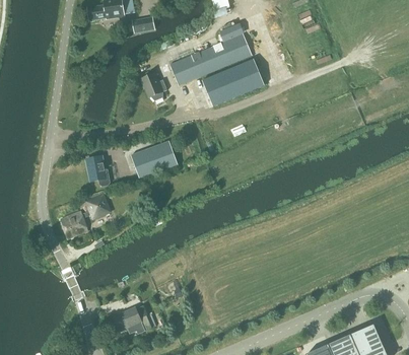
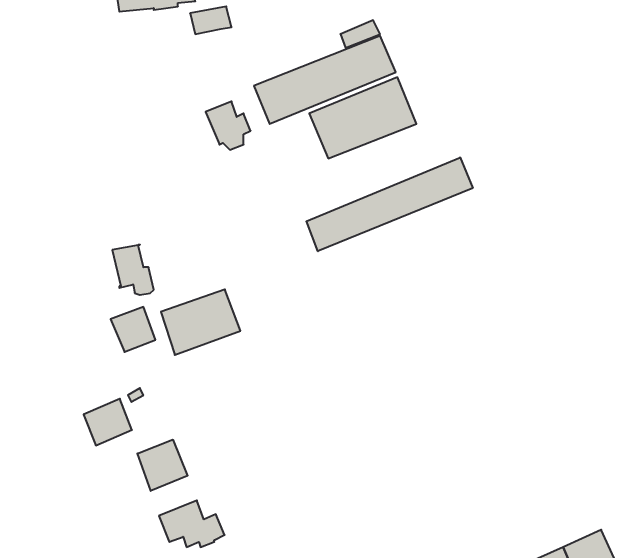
building: none -> [306,157,473,251]
building: [132,141,179,180] -> [161,289,240,355]
building: [61,210,89,237] -> [84,399,132,445]
building: none -> [137,440,188,491]

